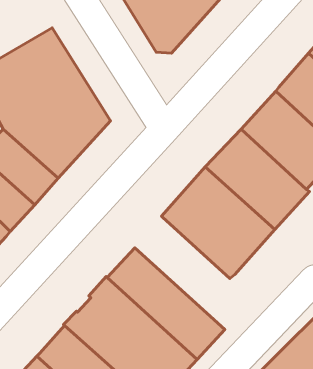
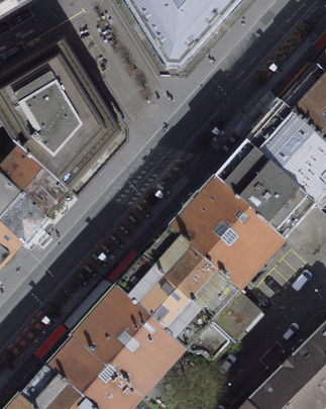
building: none -> [141,228,257,339]

